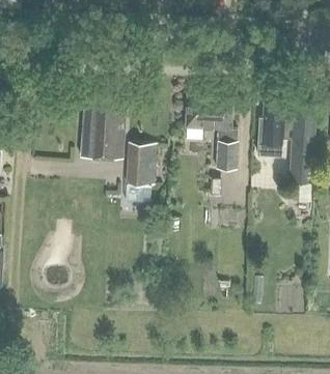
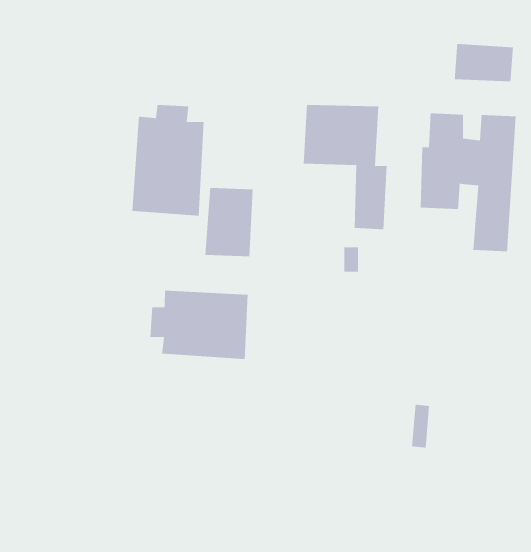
building: none -> [454,43,514,82]
building: none -> [150,290,248,360]

